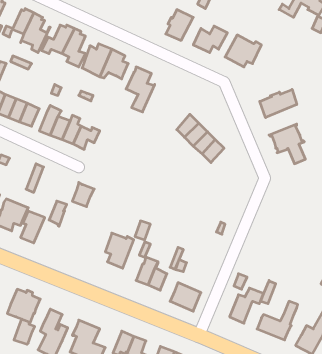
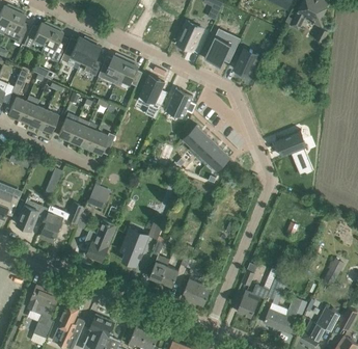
building: none -> [163,88,195,119]
building: [260,89,297,118] -> none
building: none -> [85,220,115,262]

